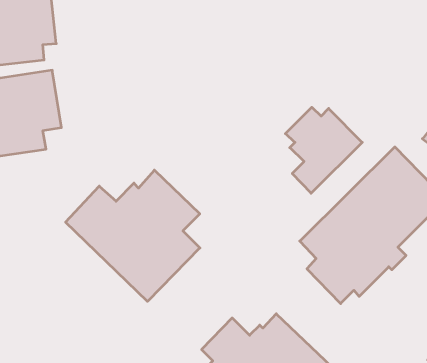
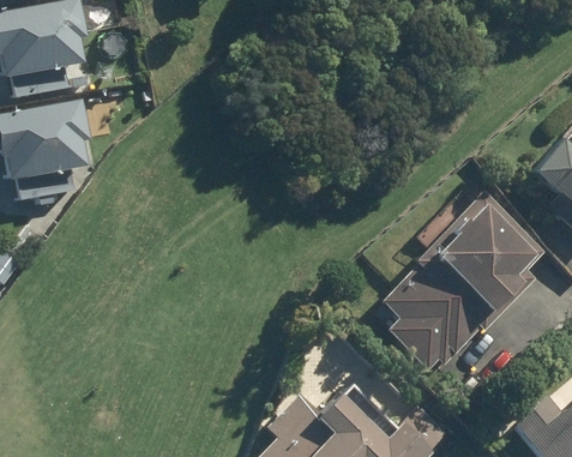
building: [285,107,362,193] -> none
building: [66,170,200,301] -> none

